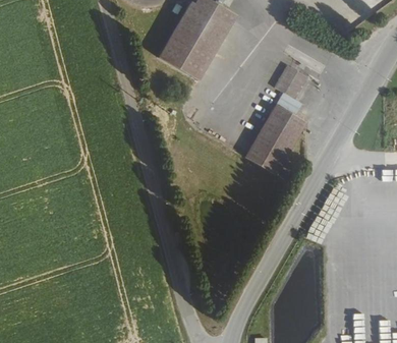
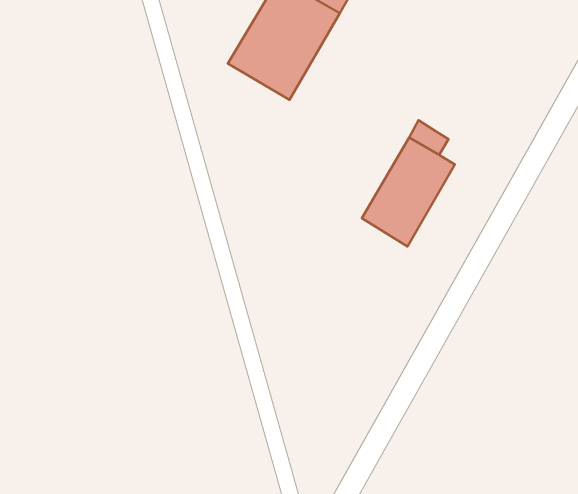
building: [275,65,307,101] -> none

